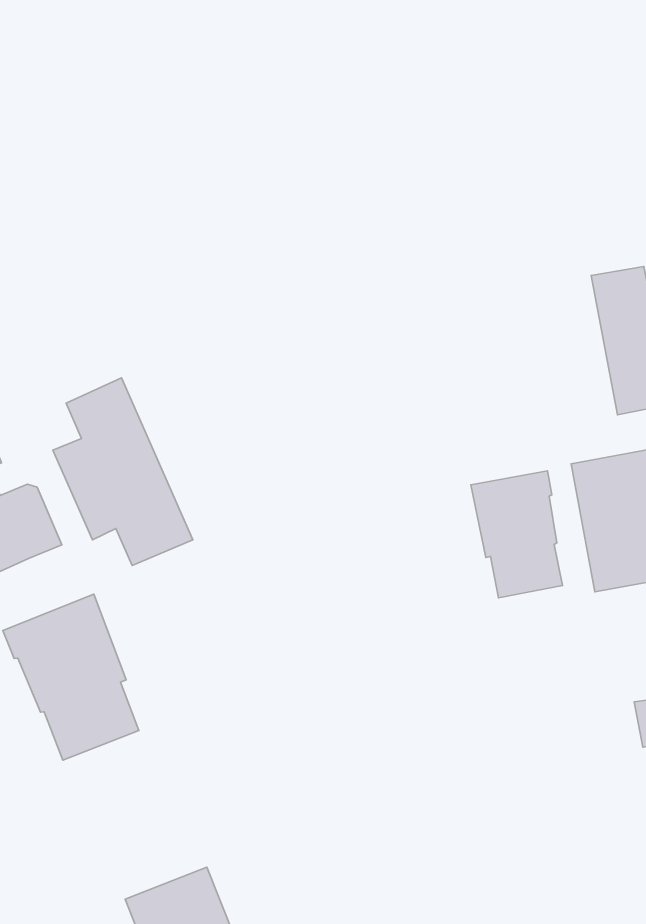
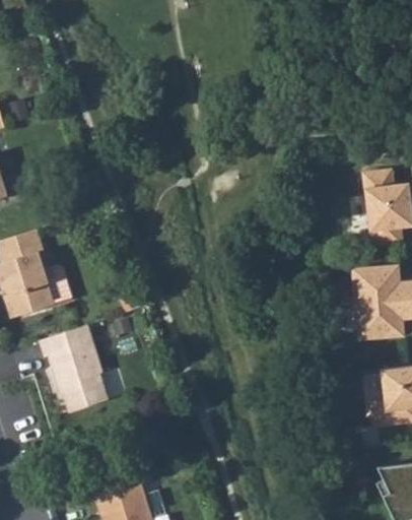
building: [53,378,193,566] -> none
building: [471,471,562,598] -> none

